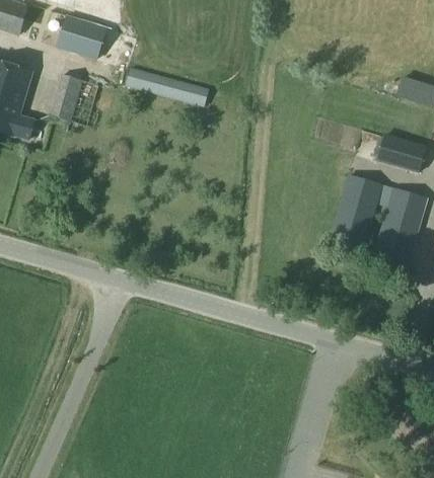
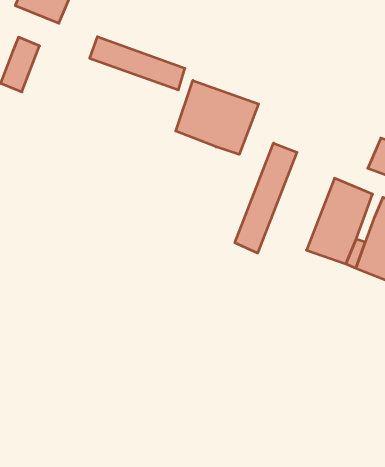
building: none -> [176,80,259,154]
building: none -> [235,143,297,253]

